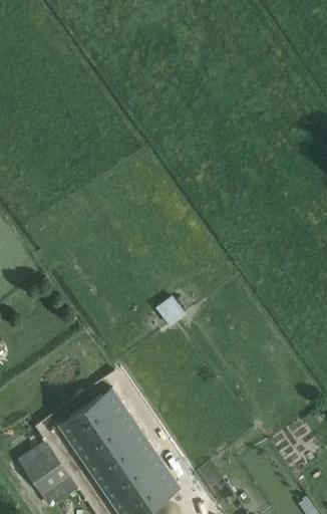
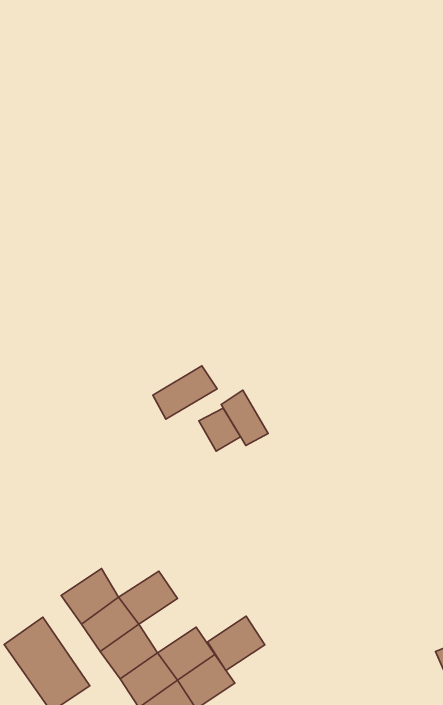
building: none -> [153,366,217,419]
building: none -> [221,390,268,446]
building: [86,390,126,428] -> none
building: [112,429,152,467] -> [207,616,265,670]

